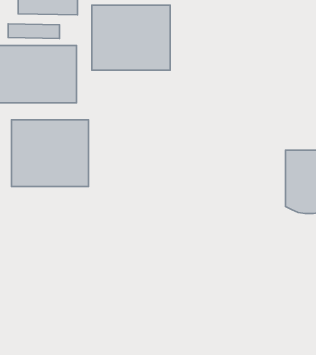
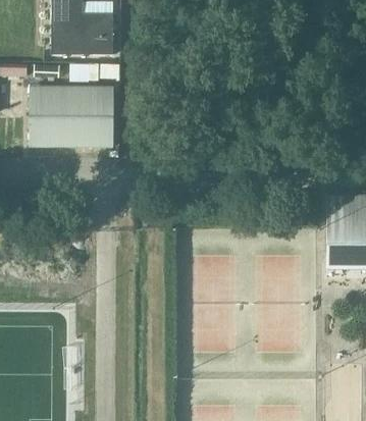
building: [92,5,170,70] -> none
building: [12,120,88,186] -> none

